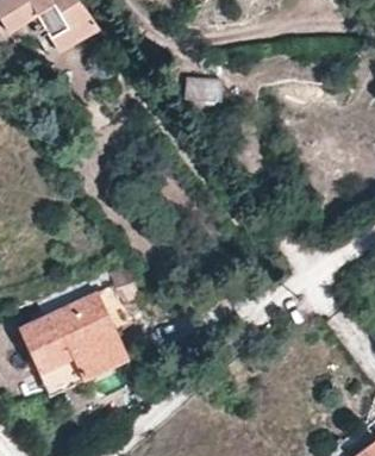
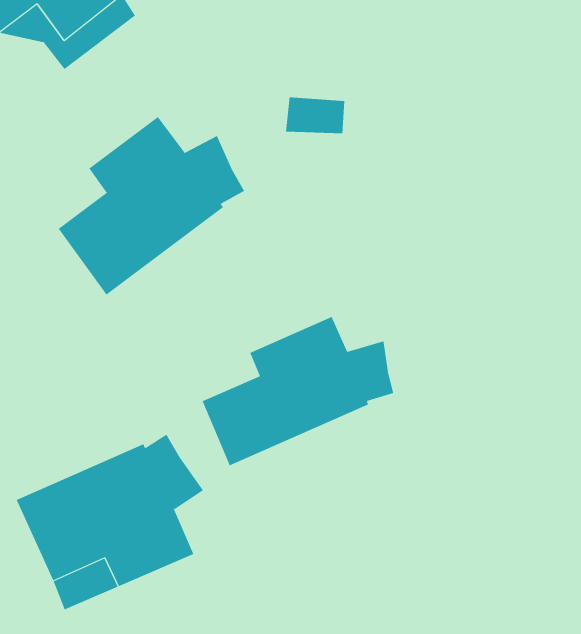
building: none -> [58,116,245,295]
building: none -> [202,316,394,466]

